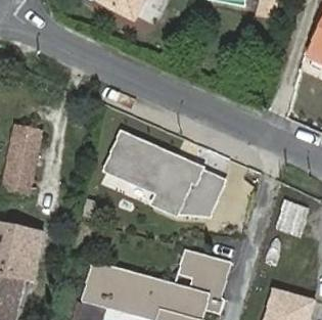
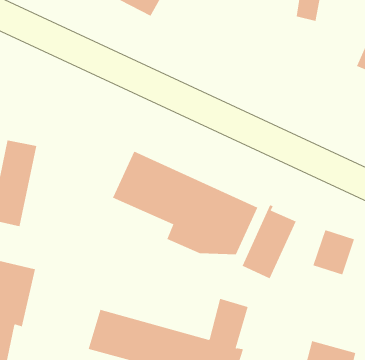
building: none -> [242,205,296,279]

